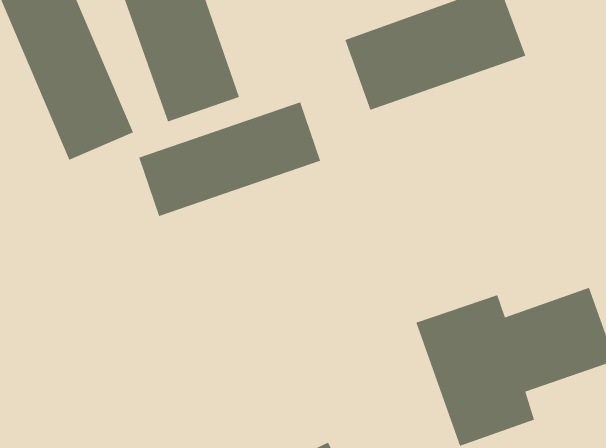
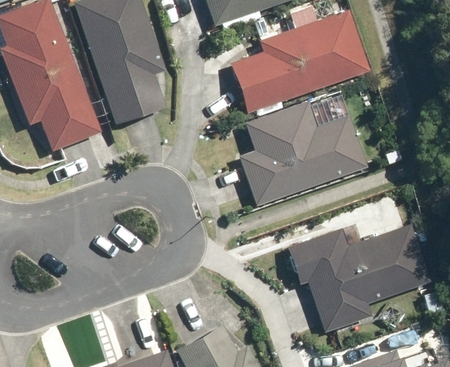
building: [139,101,321,217] -> none
building: none -> [243,111,358,188]

